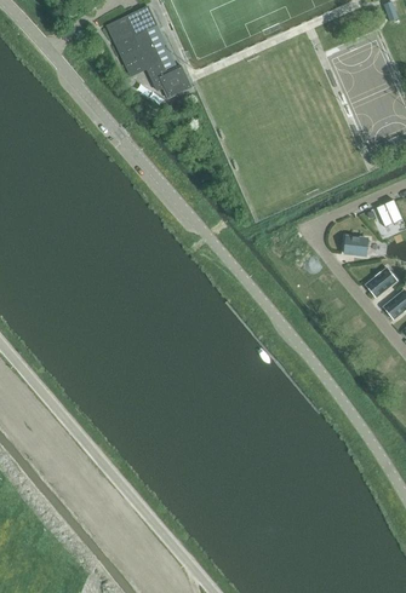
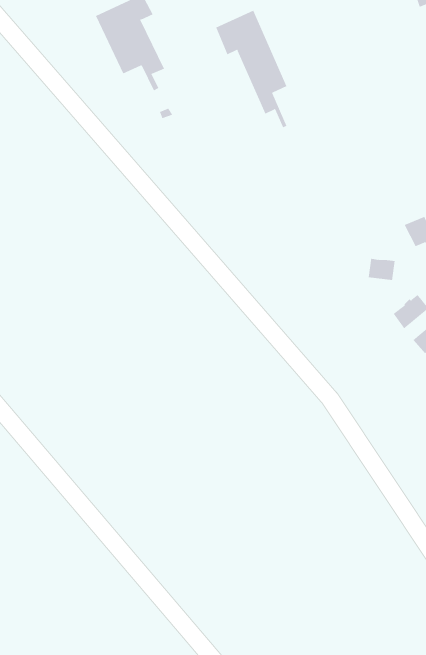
building: none -> [216,10,287,128]
building: [155,65,190,98] -> none

